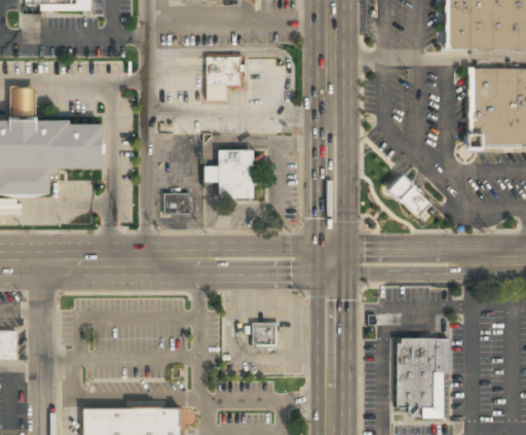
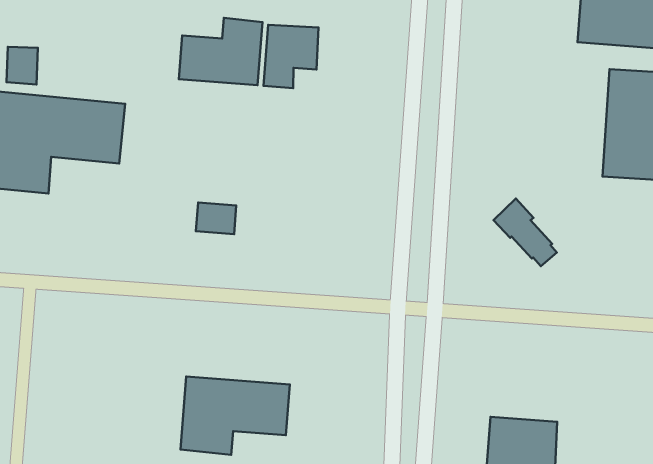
building: none -> [179,18,263,85]
building: [202,150,255,200] -> none
building: [251,322,277,349] -> none
building: none -> [180,376,290,455]

